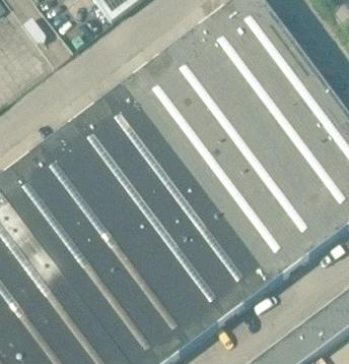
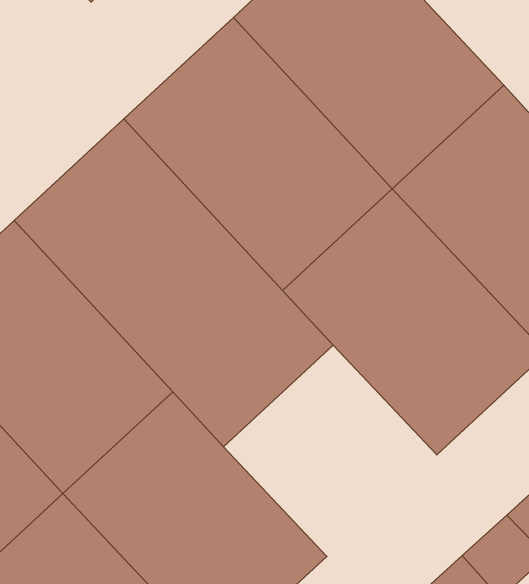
building: [157,218,272,331] -> none

